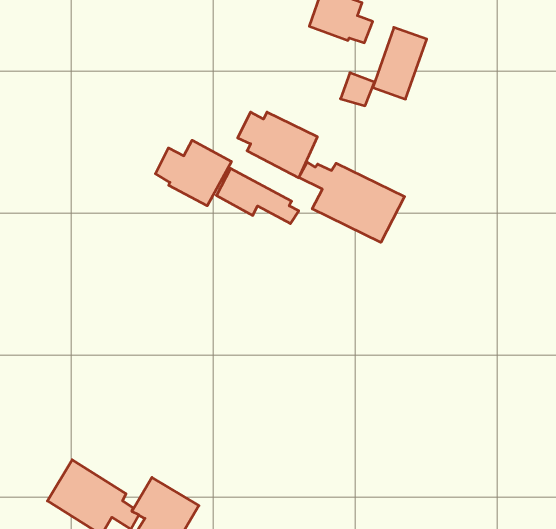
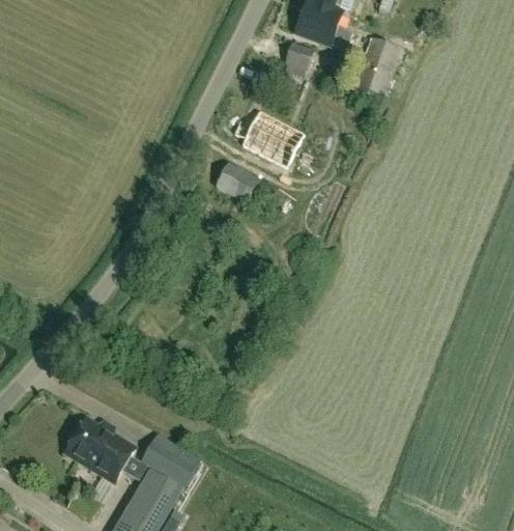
building: [340,73,374,106] -> [284,43,314,72]
building: [155,140,231,206] -> none
building: [299,162,405,242] -> none

